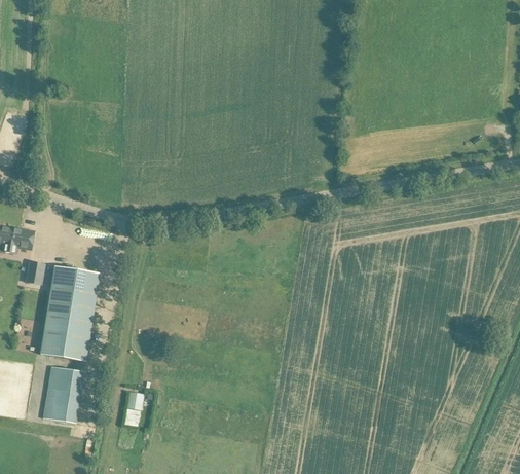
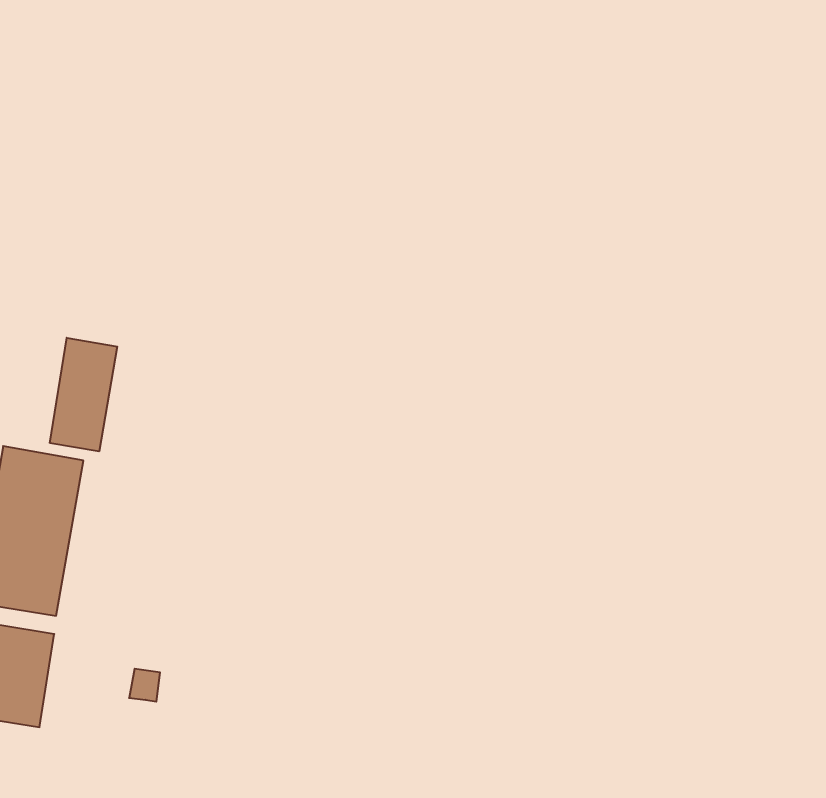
building: none -> [50,338,117,451]

